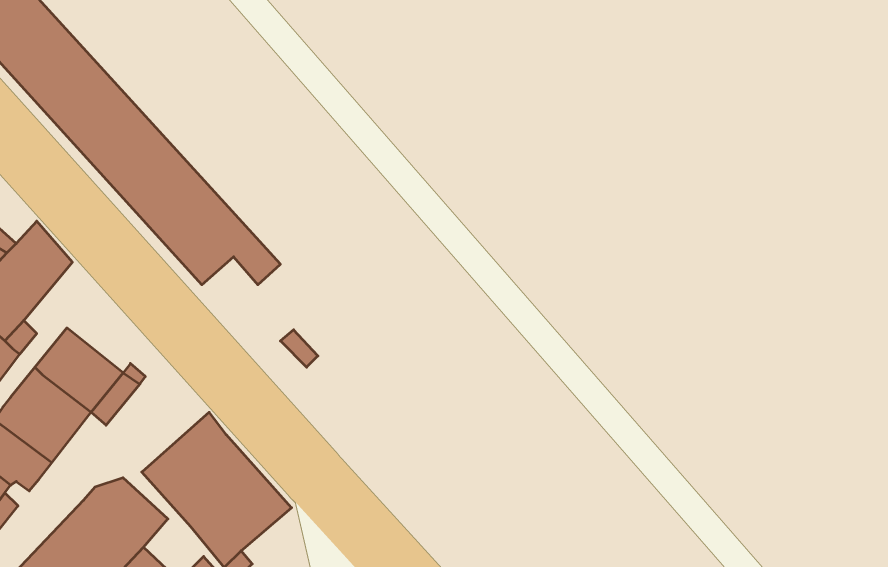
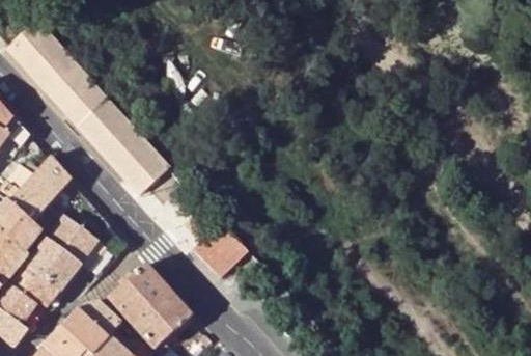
building: none -> [194,221,249,276]

